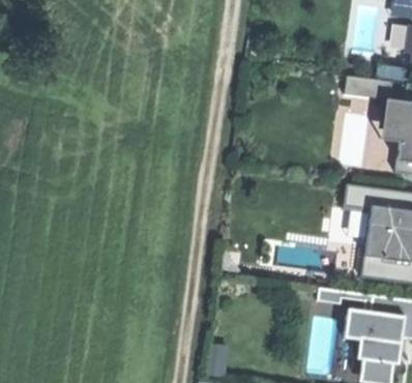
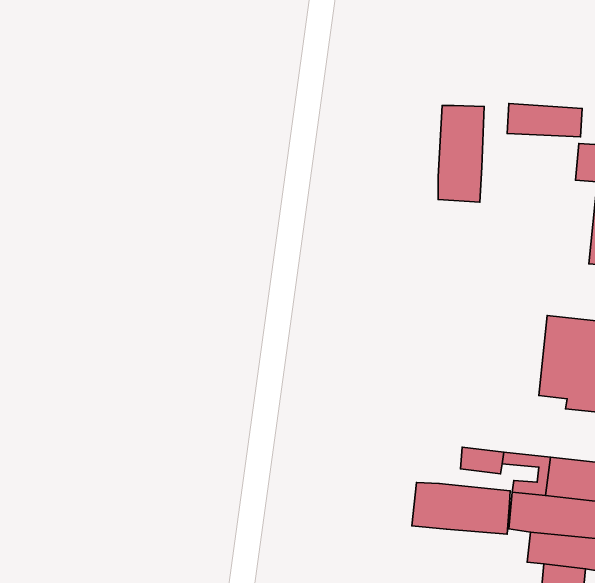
building: none -> [438,105,484,202]
building: none -> [412,483,510,534]

